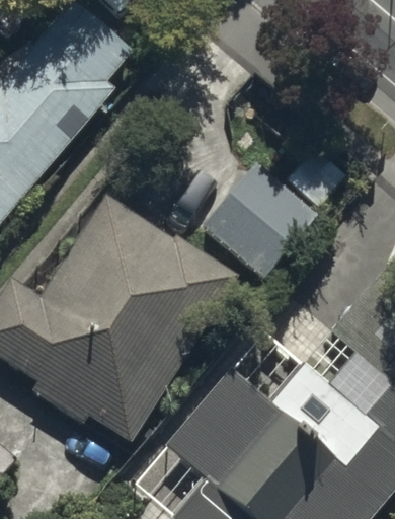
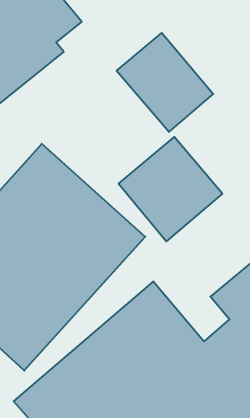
building: none -> [117,33,213,132]

